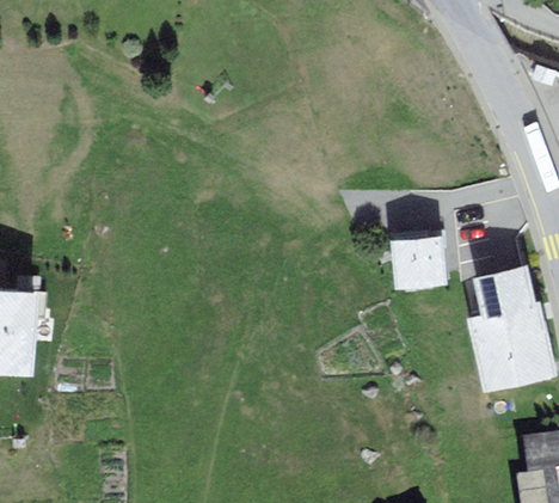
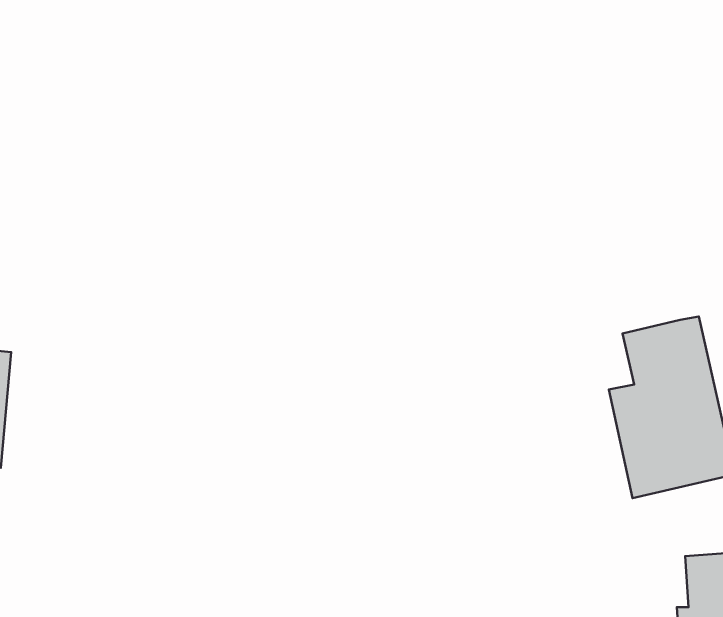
building: [391,235,438,284] -> none

